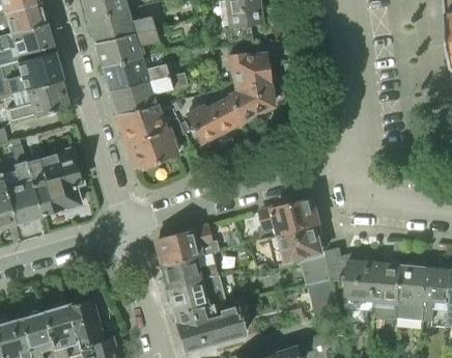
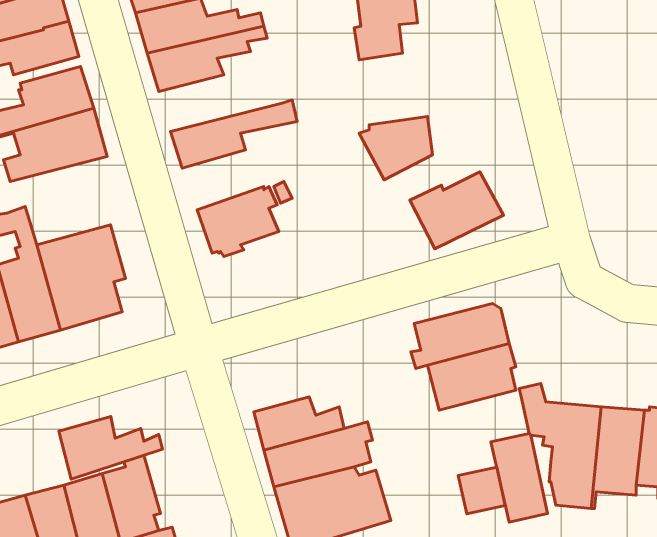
building: [225,51,270,87] -> none
building: [102,56,178,91] -> none
building: [183,94,242,142] -> [410,172,503,249]
building: [116,102,167,140] -> none
building: [154,226,220,266] -> none
building: [303,255,332,284] -> [458,467,505,514]
building: none -> [59,416,163,479]

